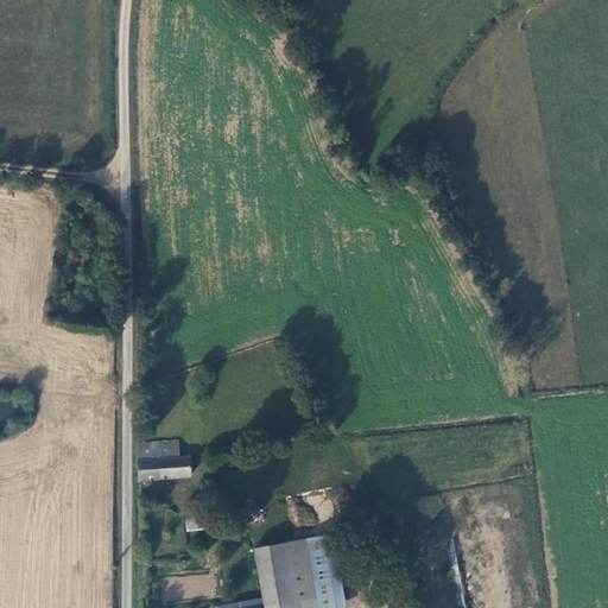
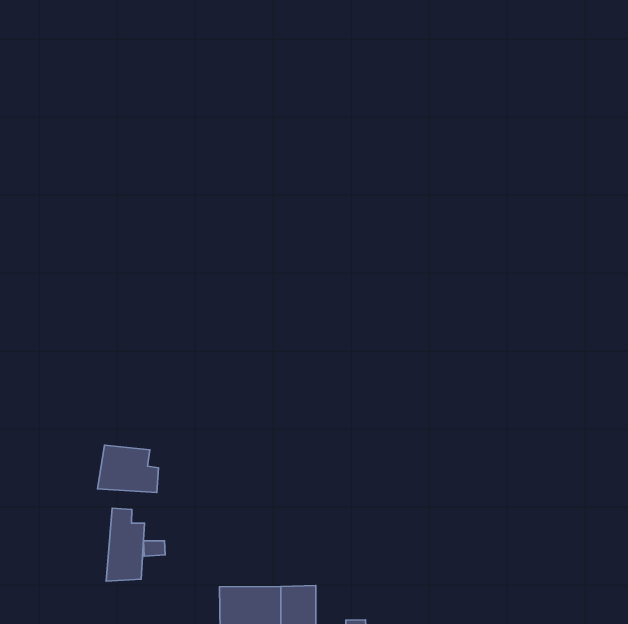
building: none -> [106,508,144,581]

